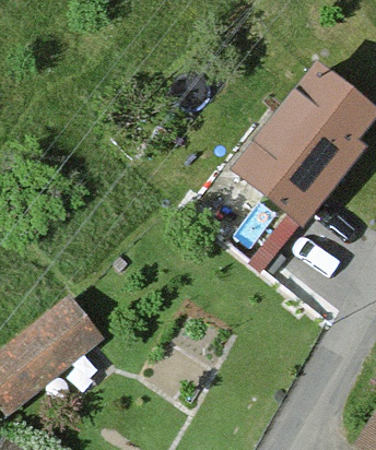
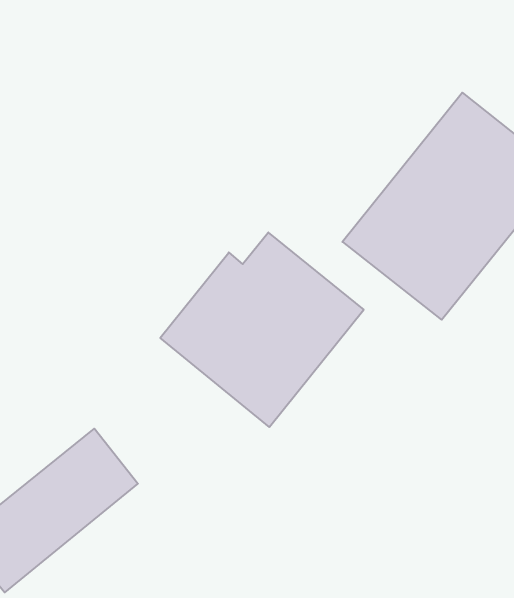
building: none -> [160,232,364,427]

